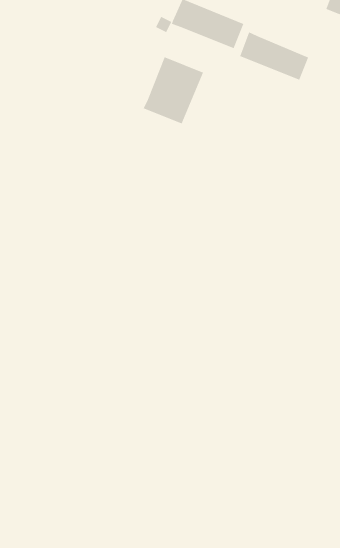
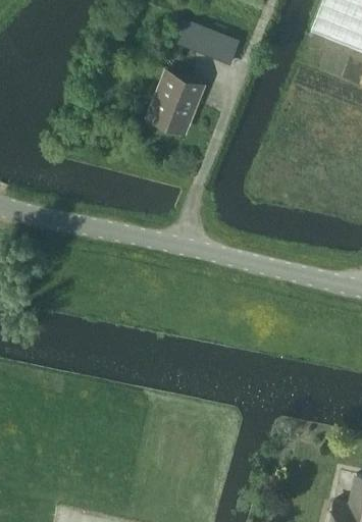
building: [239,32,309,80] -> none

